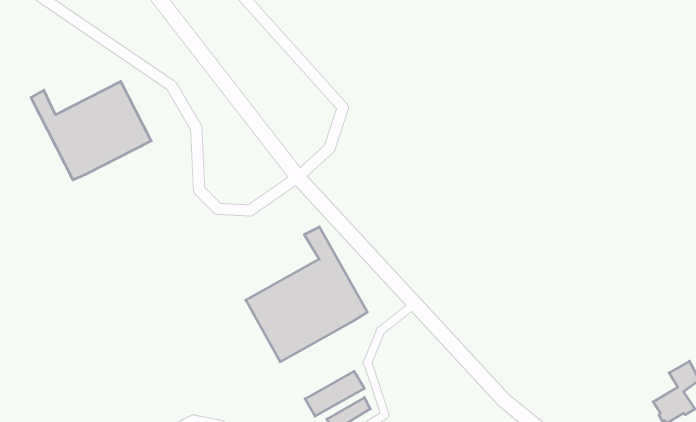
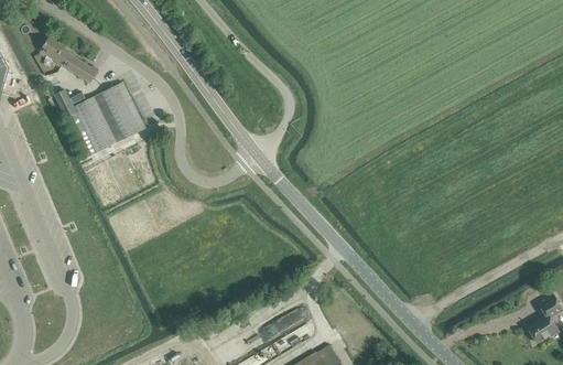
building: none -> [41,36,96,82]
building: [246,227,367,362] -> none

